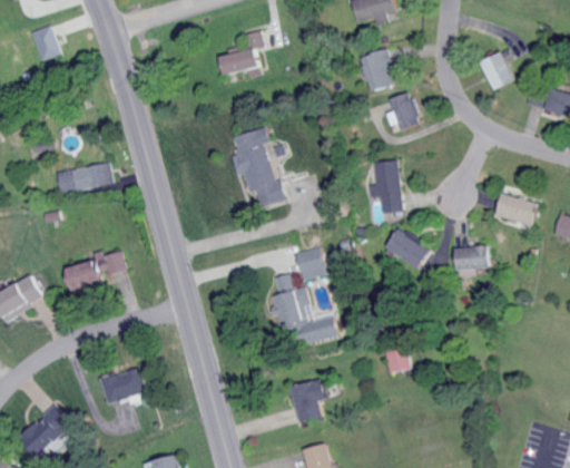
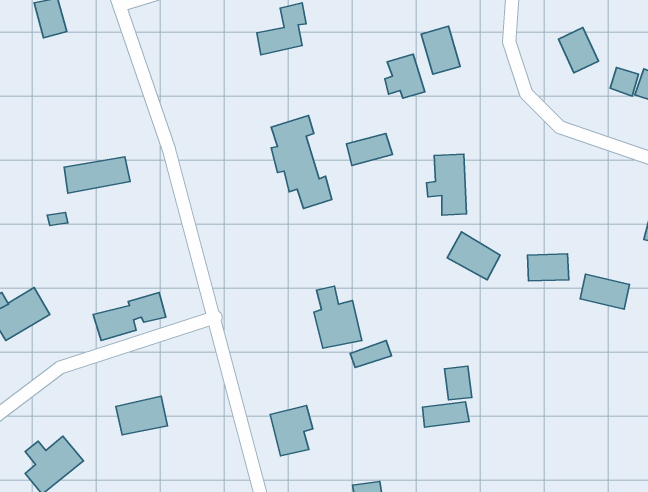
building: [389,91,423,129] -> [385,54,425,98]
building: none -> [347,133,393,166]
building: [498,194,540,224] -> [580,274,629,309]
building: [295,246,325,280] -> none
building: [65,250,127,291] -> [93,293,166,340]
building: none -> [423,402,469,427]
building: [289,379,326,422] -> [270,406,313,456]

